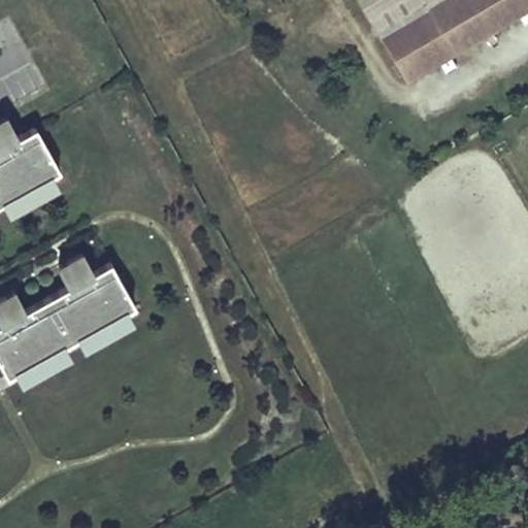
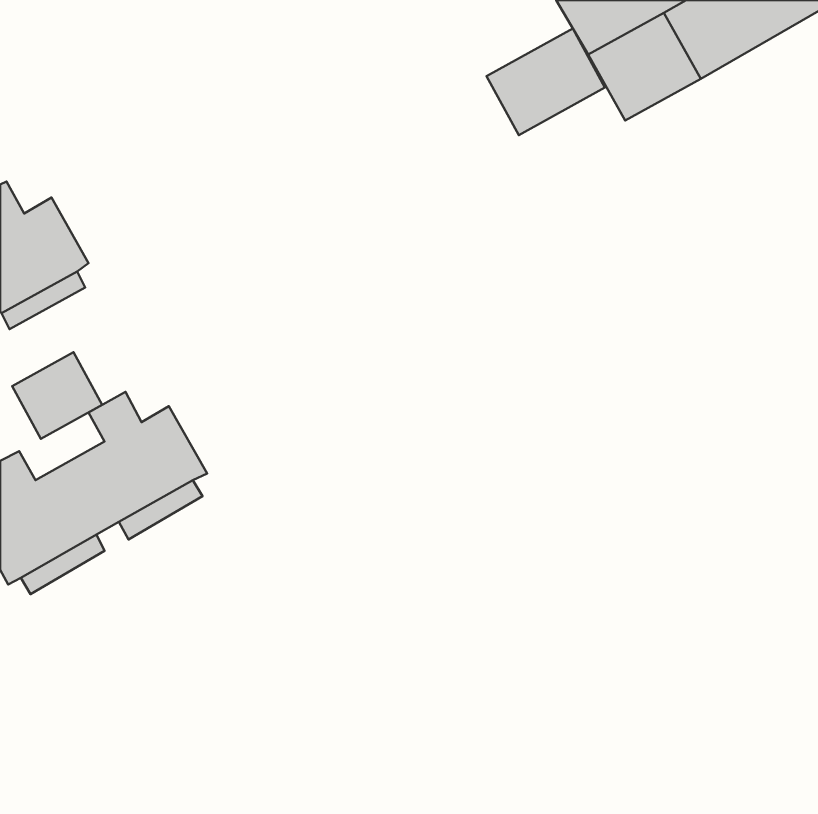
building: none -> [487,29,605,135]
building: none -> [12,352,102,439]

